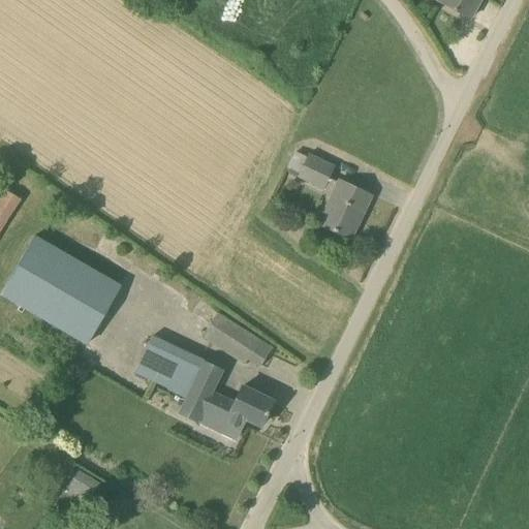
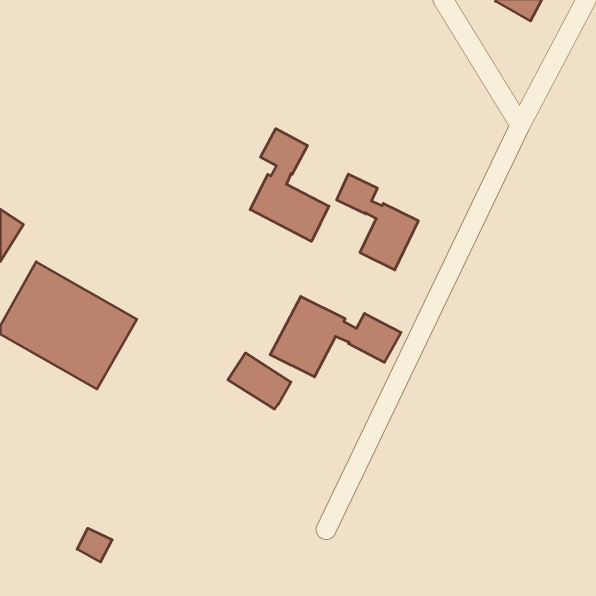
building: none -> [250,129,329,241]
building: none -> [270,296,401,377]
building: [135,336,273,432] -> none

